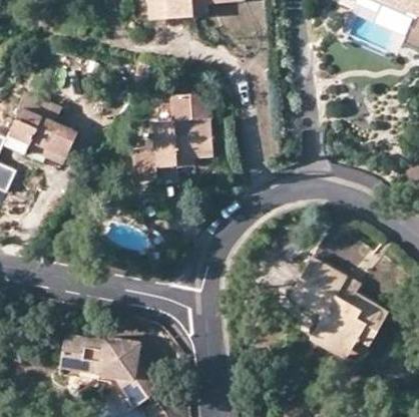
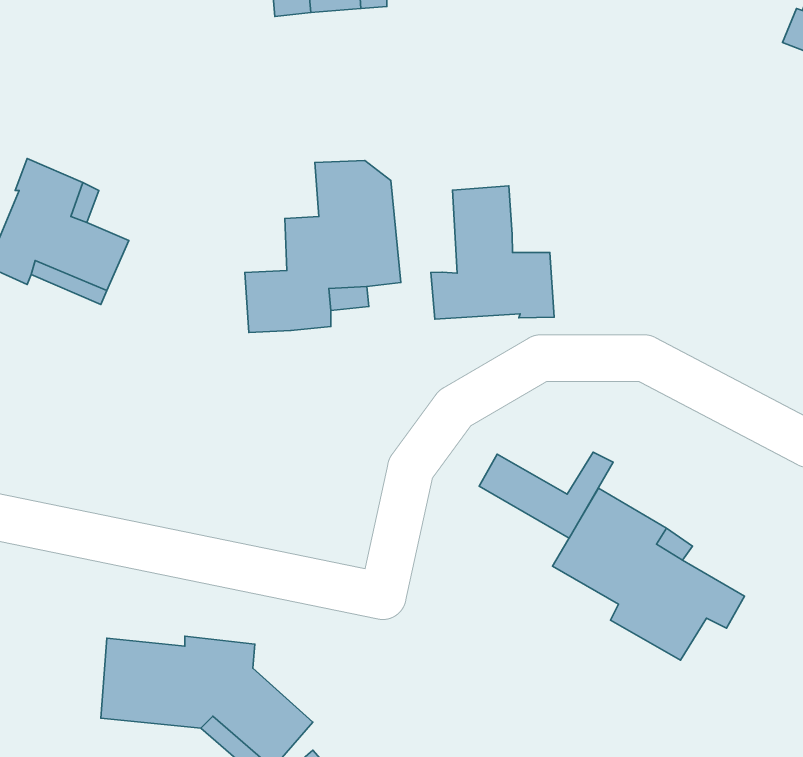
building: none -> [431,186,554,319]
building: [309,324,376,367] -> [479,452,613,538]

